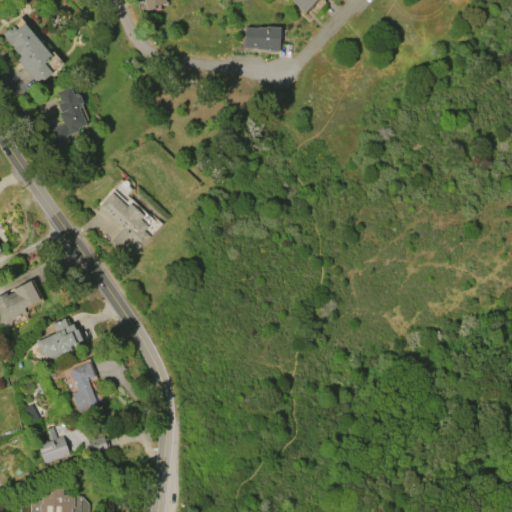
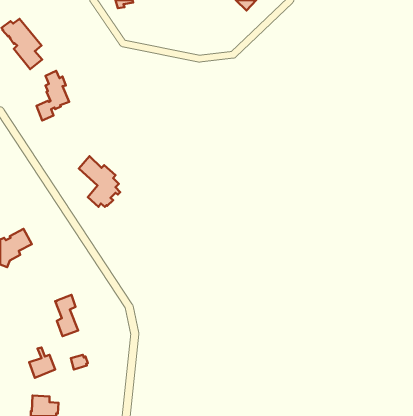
building: [246,27,281,51] -> none
building: [39,319,78,362] -> none

